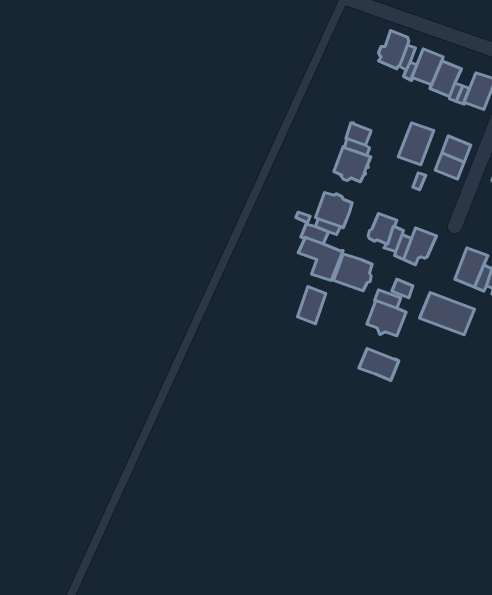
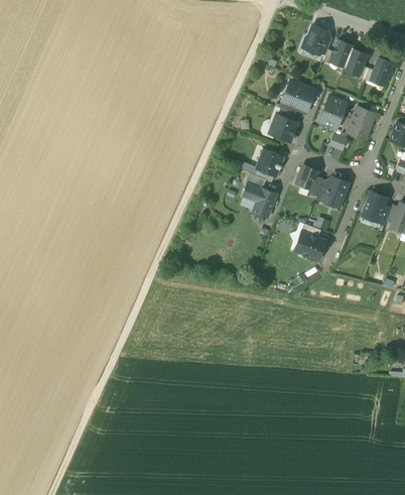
building: none -> [285,81,314,106]
building: [334,254,372,291] -> none
building: [297,287,326,324] -> none
building: [420,292,475,335] -> none
building: [359,348,399,380] -> none

